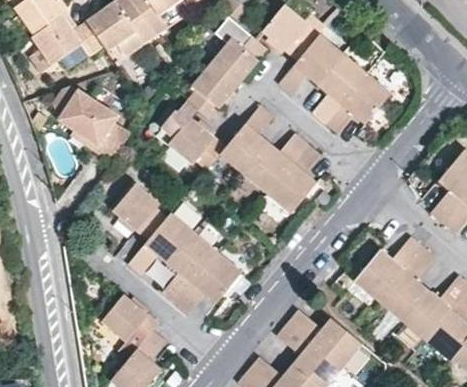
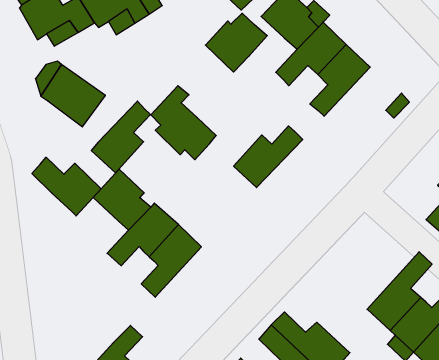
building: [185,61,238,120] -> none
building: [326,73,391,134] -> none
building: [219,105,273,174] -> [91,101,150,173]
building: [266,145,321,214] -> none
building: none -> [32,157,101,216]
building: [353,235,423,302] -> none
building: [176,252,241,313] -> none
building: [100,293,159,347] -> none

